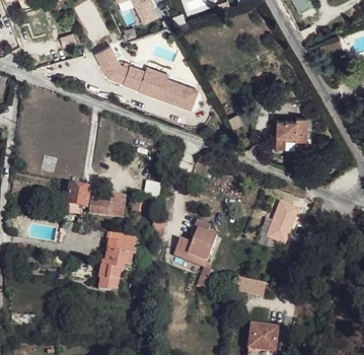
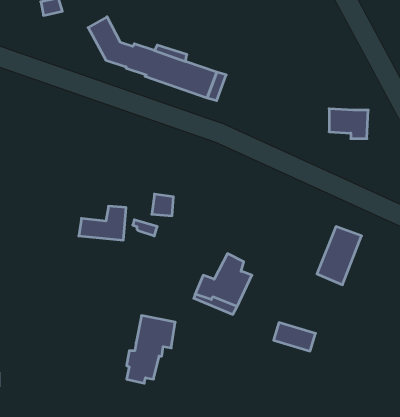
building: [63,184,88,207] -> none
building: [97,241,134,292] -> [127,316,175,383]
building: [250,323,282,343] -> none

